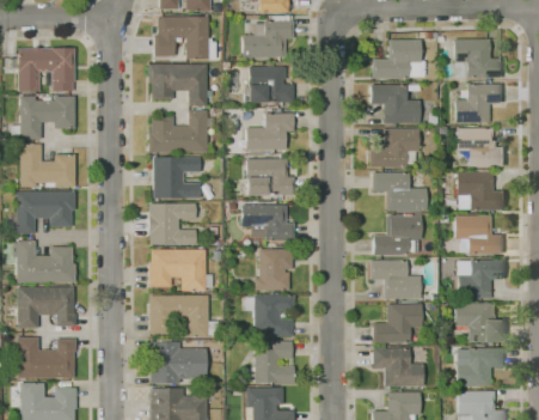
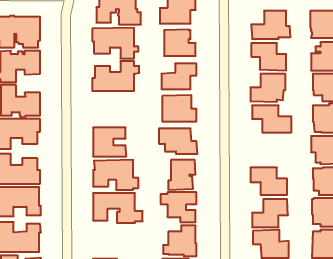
building: [153,157,200,197] -> none
building: [373,213,422,255] -> none
building: [151,340,207,383] -> none

